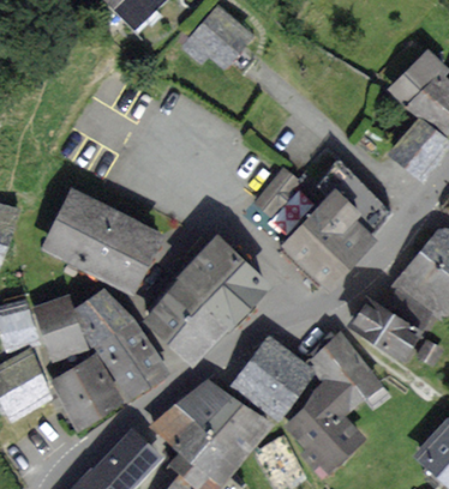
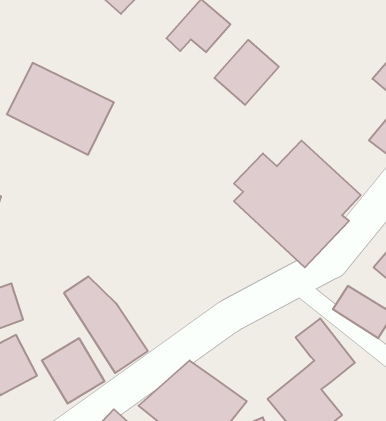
building: none -> [214,40,279,105]
building: [47,194,157,289] -> [7,63,114,155]
building: [150,243,262,358] -> none
building: [37,297,84,356] -> none
building: [237,339,311,413] -> none

